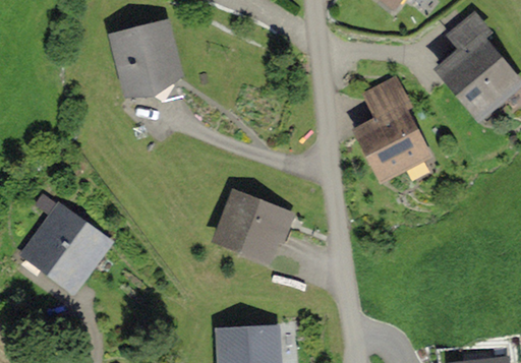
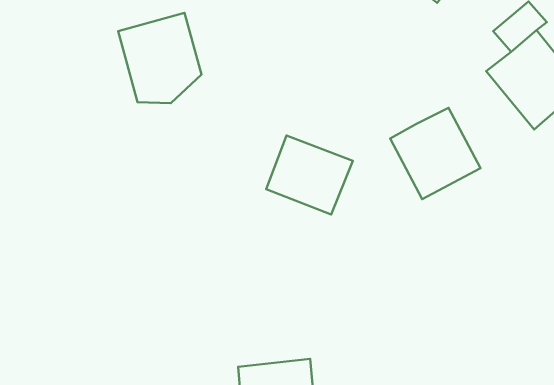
building: [360,72,412,118] -> none
building: [214,193,291,263] -> [266,136,353,214]
building: [19,202,110,292] -> none

